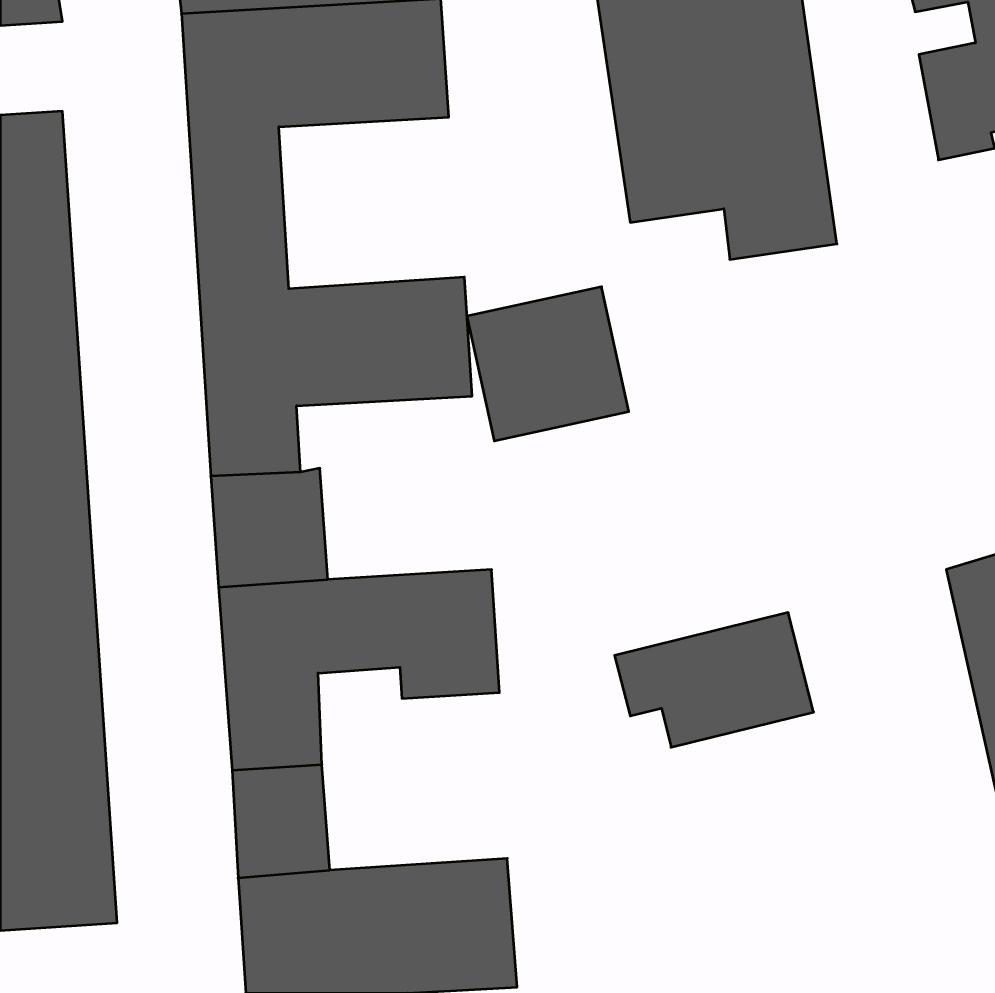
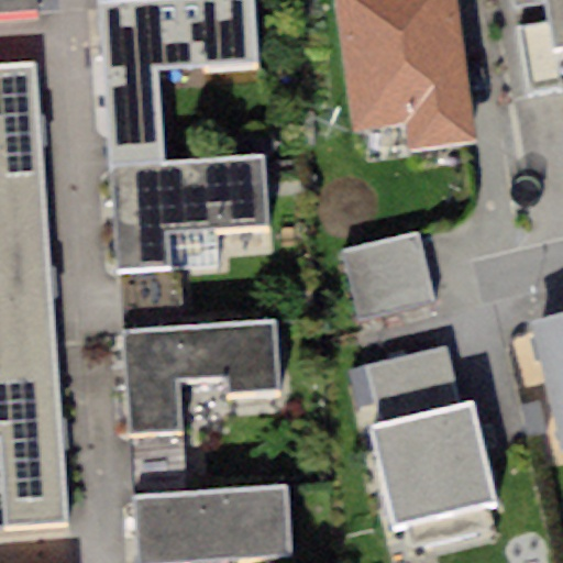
building: [467,287,629,441] -> [342,232,433,319]
building: none -> [369,398,498,529]

